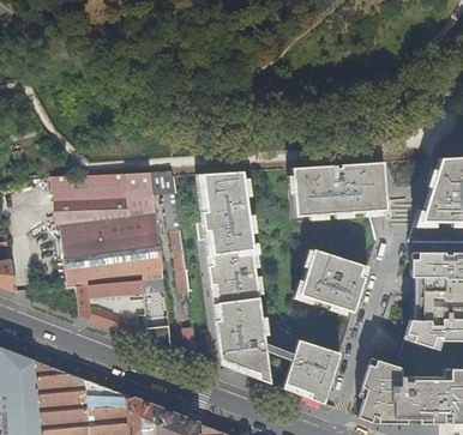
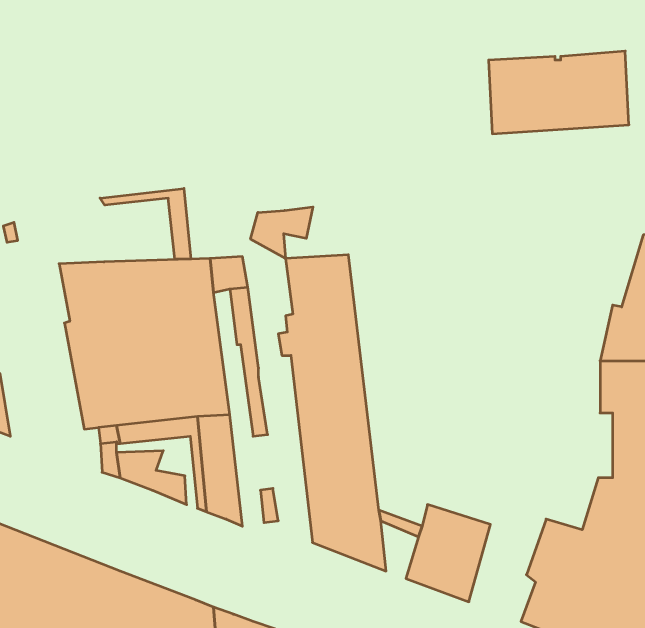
building: none -> [100,188,191,259]
building: none -> [251,207,313,258]
building: [293,162,386,217] -> [489,51,629,134]
building: [296,247,365,312] -> none

